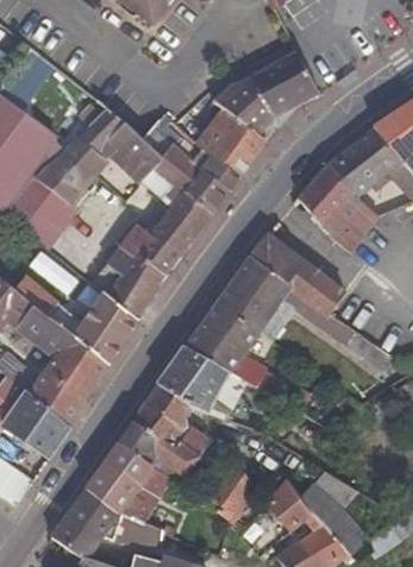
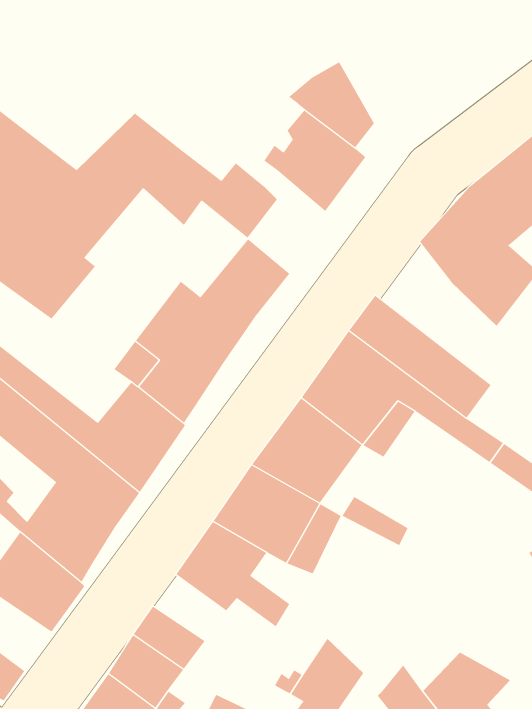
building: [243,50,315,125] -> none
building: [181,149,237,218] -> none
building: [117,420,200,478] -> none

